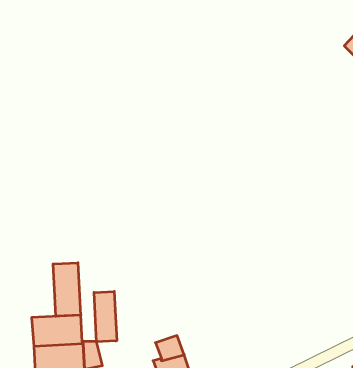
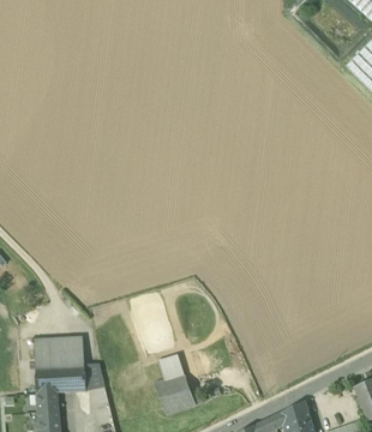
building: [53,263,81,316] -> none
building: [94,291,117,342] -> none

